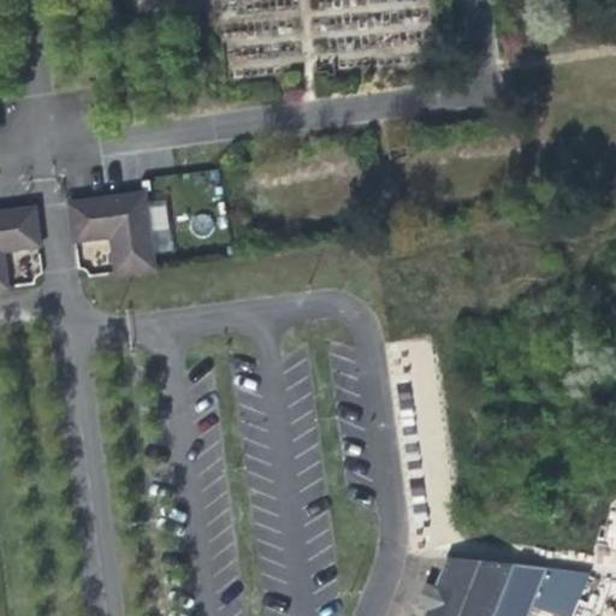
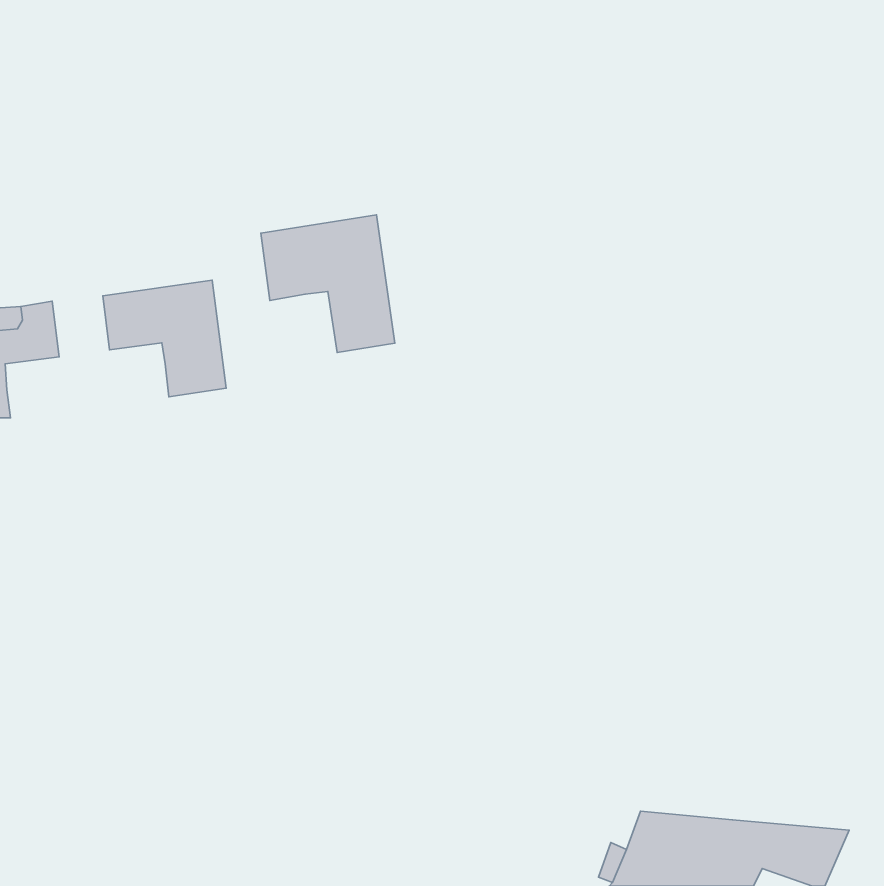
building: none -> [261,215,395,352]

